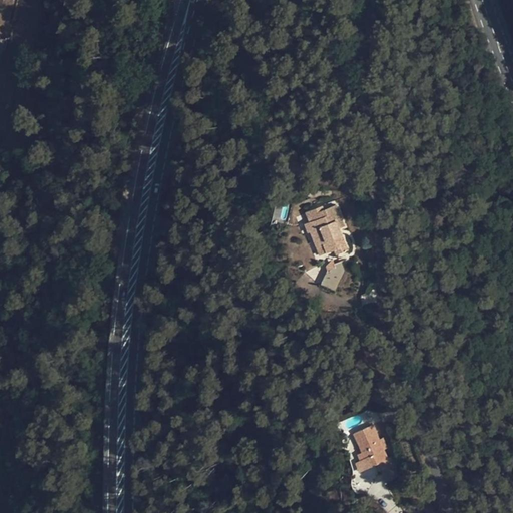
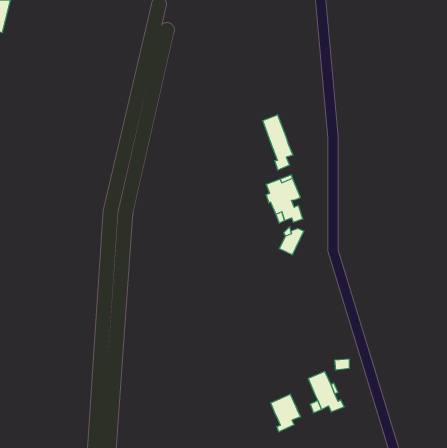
building: none -> [263,115,293,170]
building: none -> [271,394,301,432]

